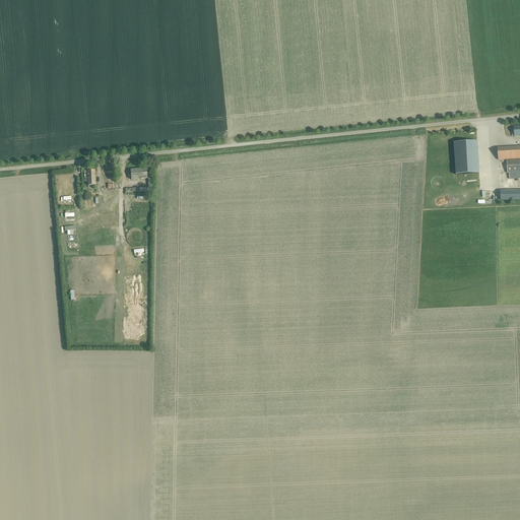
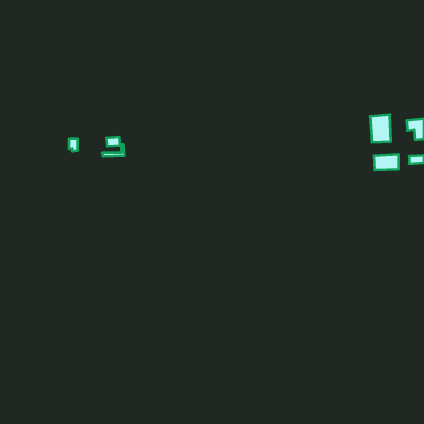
building: none -> [374,154,398,170]

